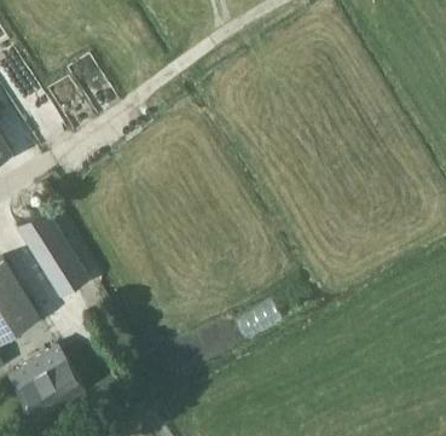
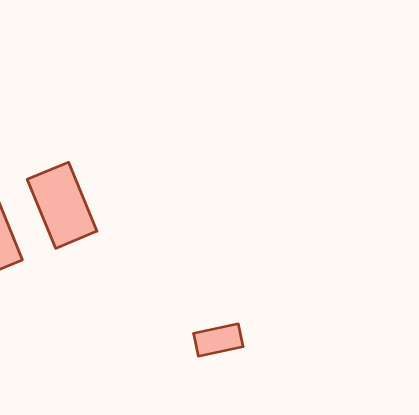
building: none -> [27,162,97,248]

